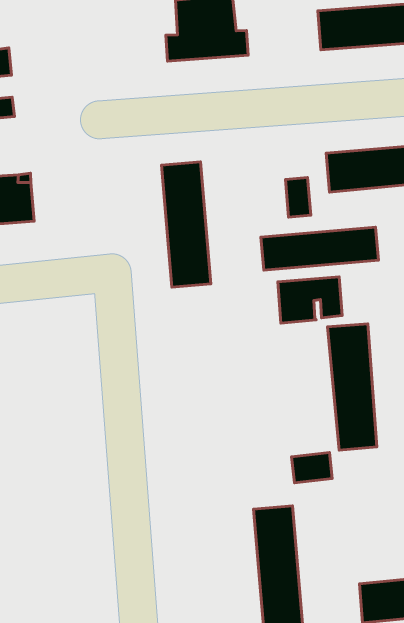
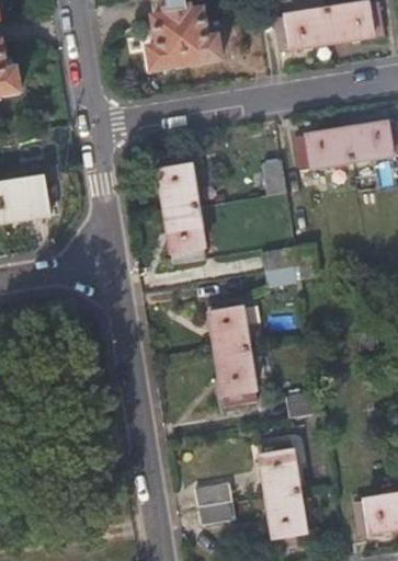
building: [261,227,379,270] -> none
building: [328,324,377,450] -> [205,295,255,404]
building: none -> [193,482,236,526]

